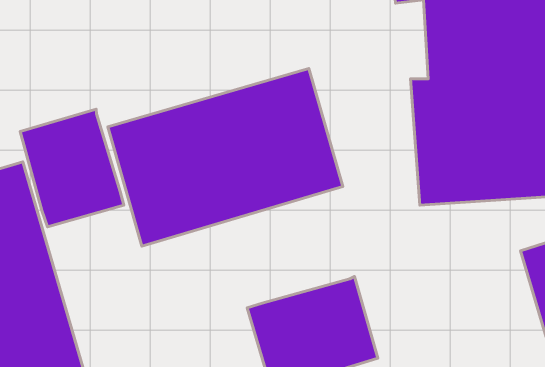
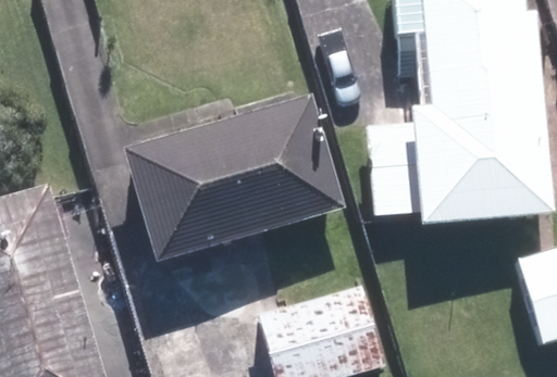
building: [20,109,124,227] -> none

